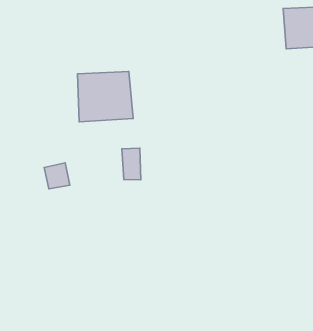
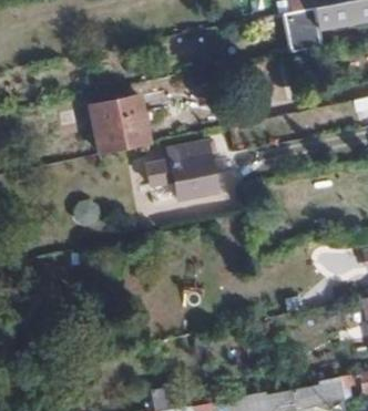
building: none -> [176,146,219,199]

